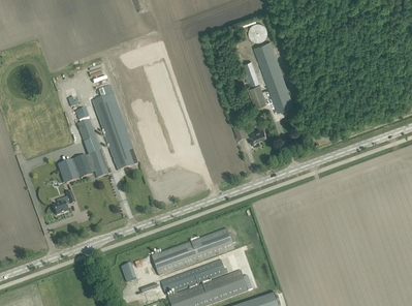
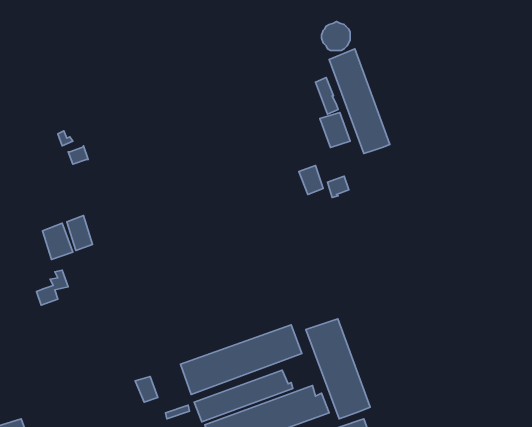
building: [91,93,137,169] -> none
building: [76,118,110,177] -> none
building: none -> [306,319,370,419]

